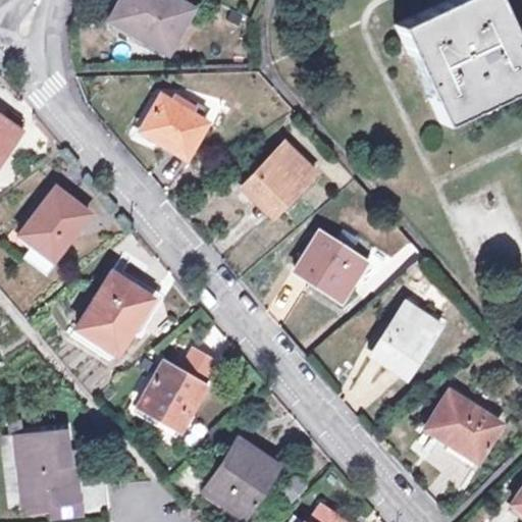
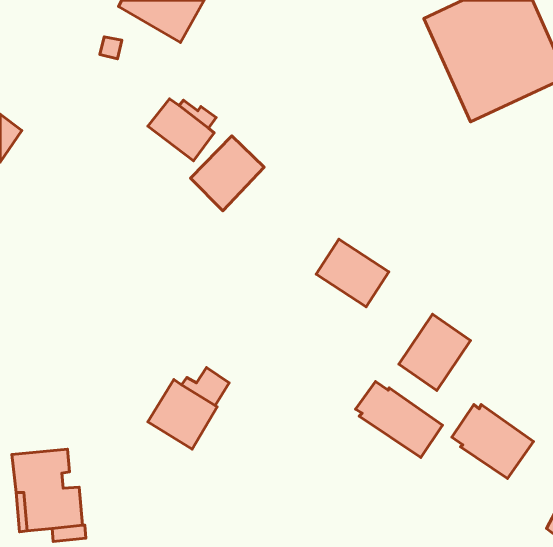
building: [248,145,317,215] -> [190,136,264,211]
building: [19,189,90,273] -> none
building: [79,275,151,352] -> none
building: none -> [355,382,443,458]
building: [206,441,276,515] -> none

